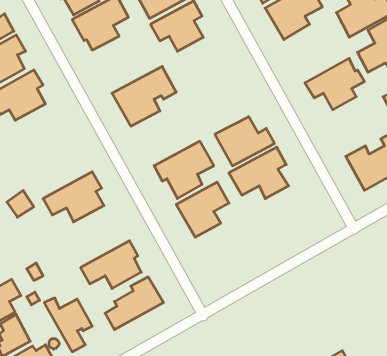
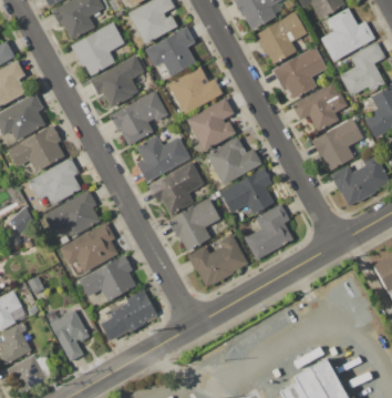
building: none -> [274,45,328,100]
building: none -> [92,57,145,109]
building: none -> [168,65,224,114]
building: none -> [187,98,236,151]
building: none -> [311,118,363,171]
building: none -> [9,125,63,170]
building: none -> [136,135,190,182]
building: none -> [29,157,81,205]
building: none -> [245,204,293,259]
building: none -> [61,223,120,274]
building: none -> [188,234,248,287]

